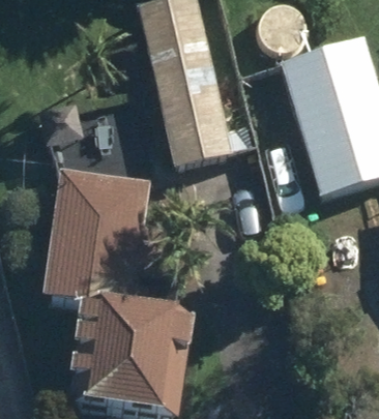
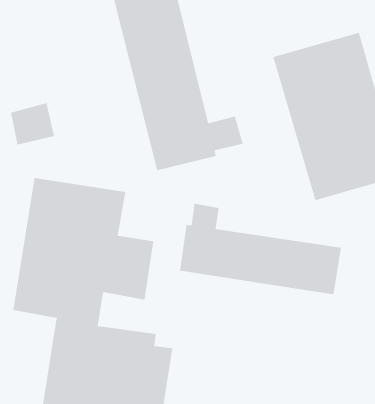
building: none -> [180,203,342,295]

